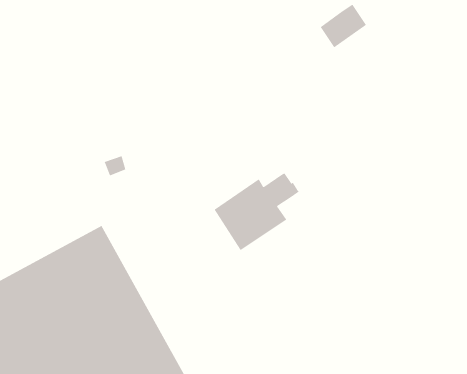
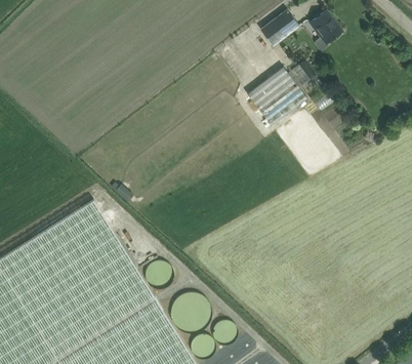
building: none -> [308,11,340,51]
building: [213,172,300,251] -> [247,62,317,127]

